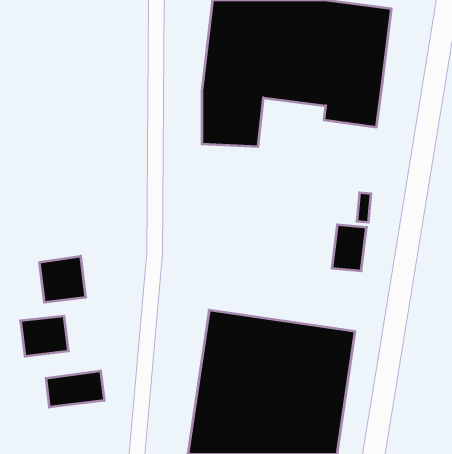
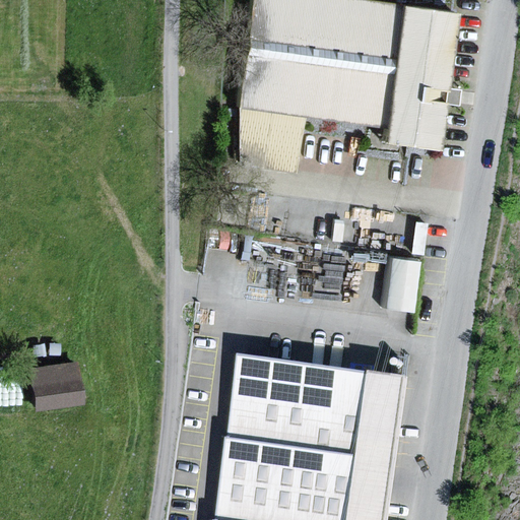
building: [40,256,86,302] -> none
building: [46,371,104,407] -> none

